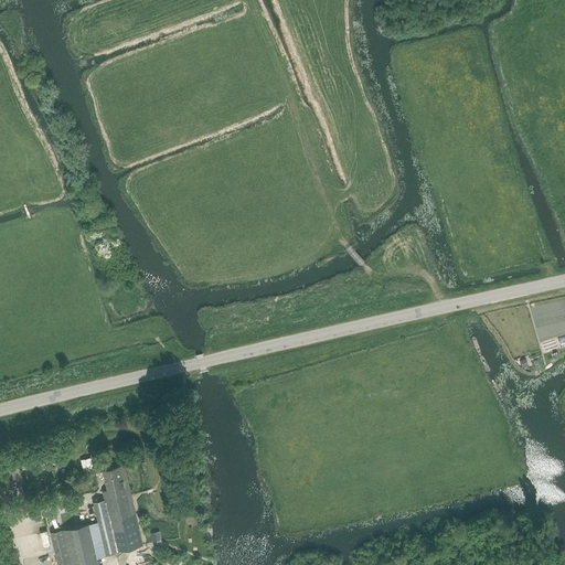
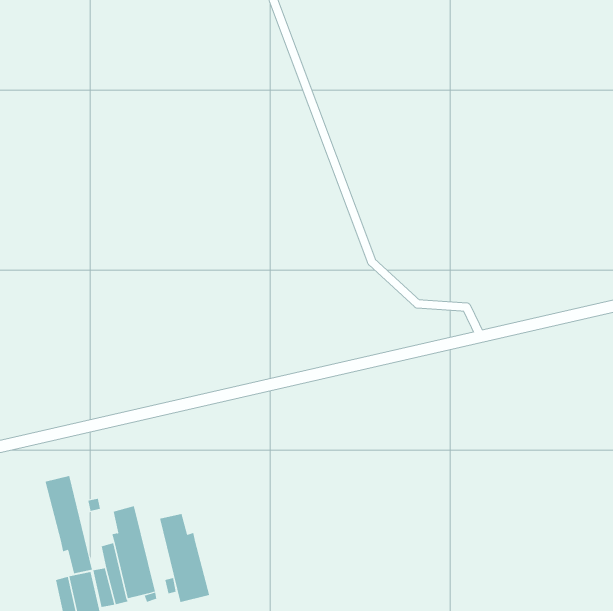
building: none -> [45,475,93,574]
building: none -> [159,513,210,603]

